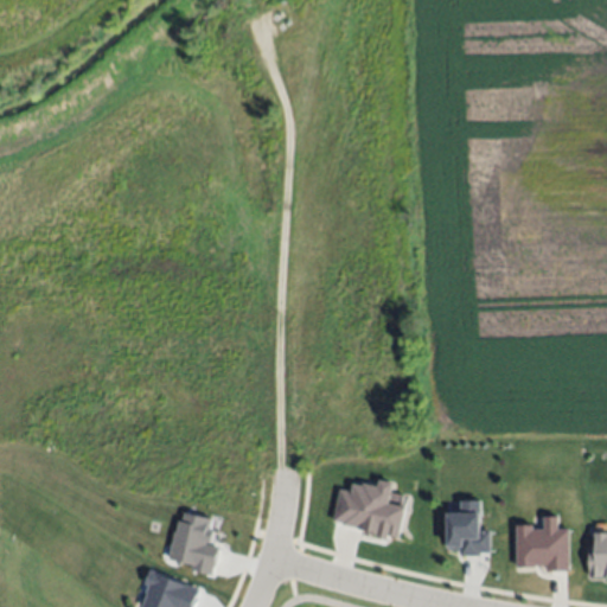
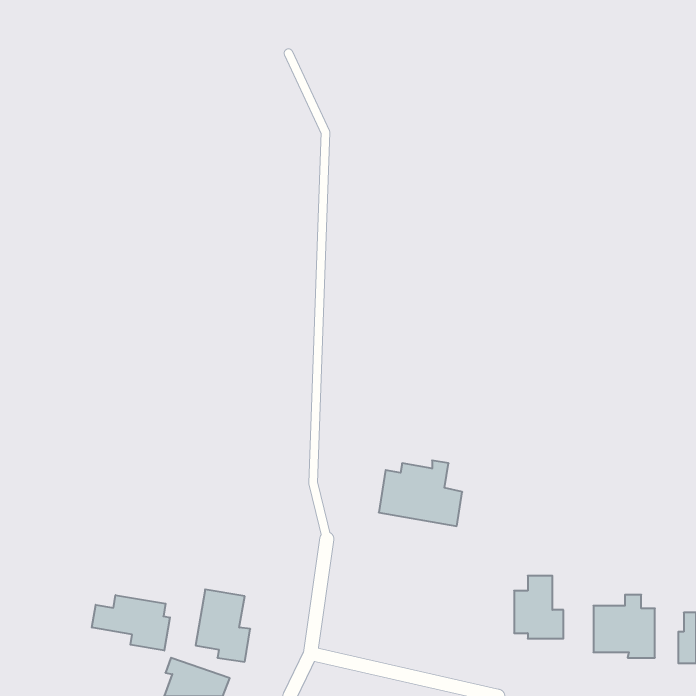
building: [331,479,403,536] -> [379,460,462,526]
building: none -> [92,595,170,651]

